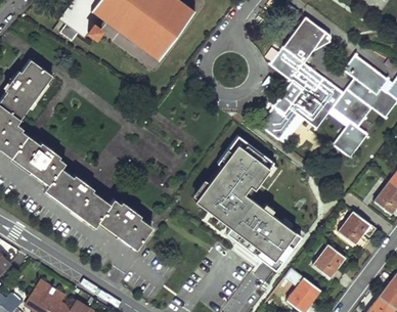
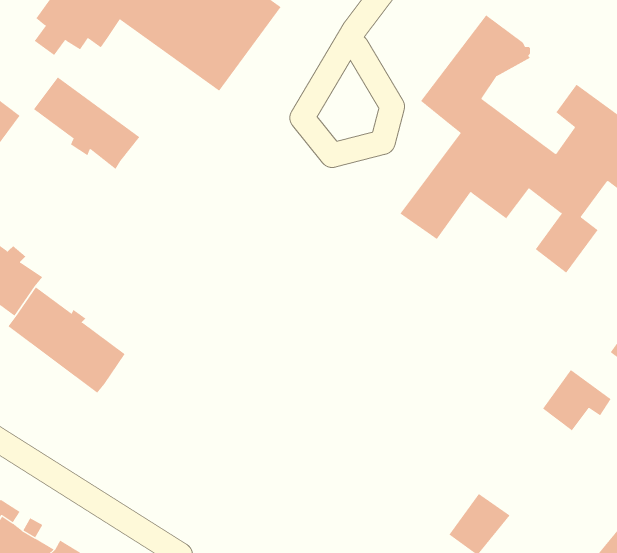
building: none -> [33,77,140,170]
building: [192,136,302,270] -> none
building: [98,197,152,247] -> none
building: [312,244,344,277] -> none

